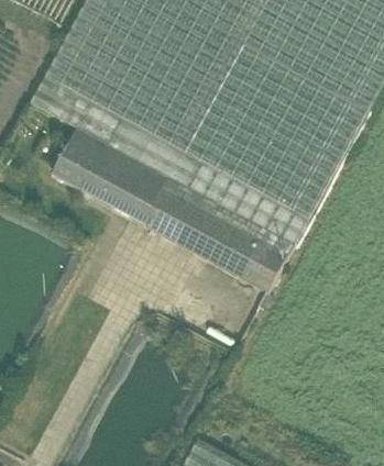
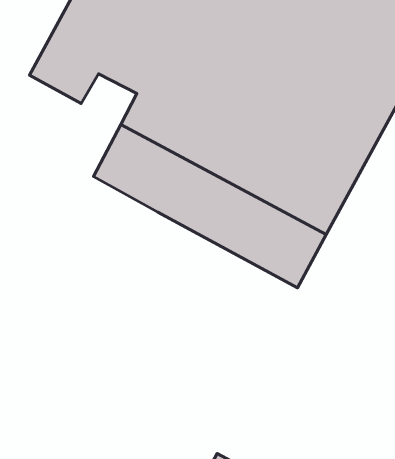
building: [53,100,127,191] -> none

